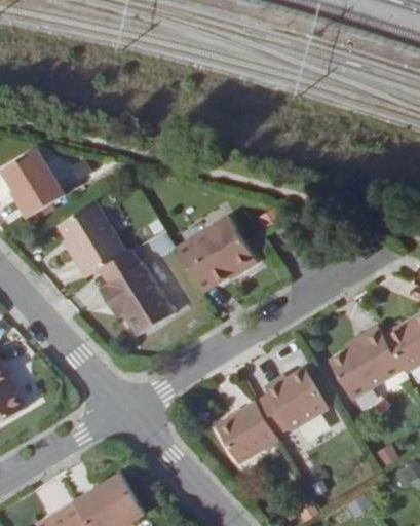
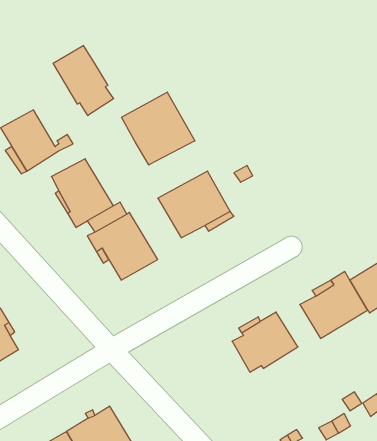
building: none -> [53,45,114,116]
building: none -> [122,92,195,165]
building: [213,402,278,466] -> none

